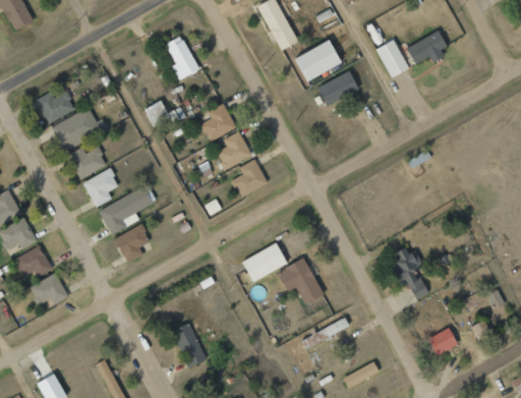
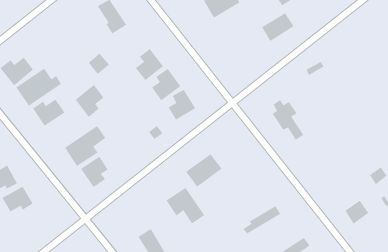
building: [316,72,357,105] -> [261,13,294,42]
building: [82,168,119,208] -> [75,84,105,118]
building: [392,247,427,300] -> [272,99,304,140]
building: [277,259,323,304] -> [165,187,205,224]
building: [28,274,68,305] -> none

